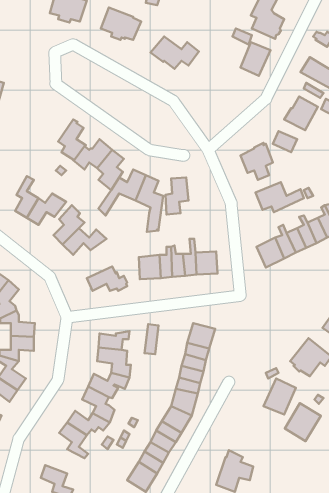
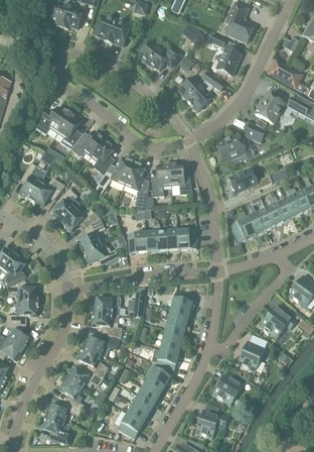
building: none -> [178,70,225,110]
building: none -> [36,106,70,133]
building: none -> [169,162,192,194]
building: none -> [77,217,105,251]
building: [285,403,321,441] -> [212,371,244,405]
building: none -> [46,401,81,422]

